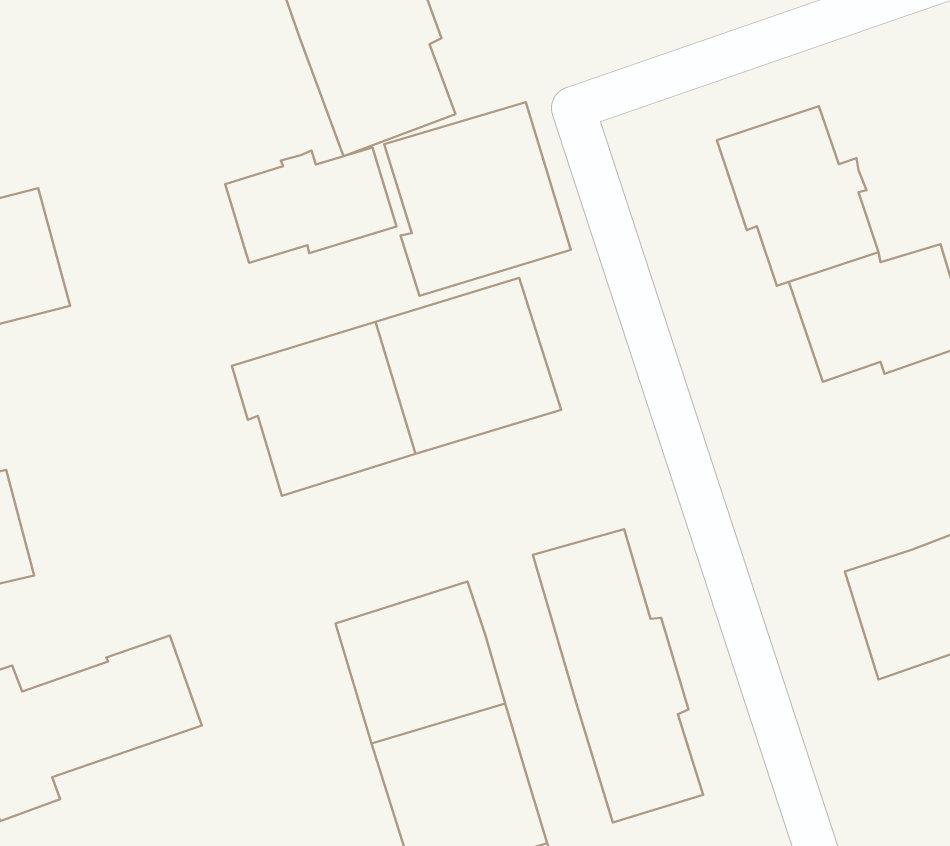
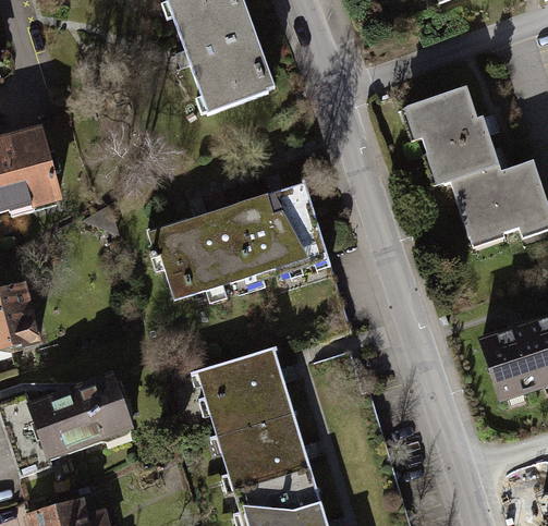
building: [384,102,571,296] -> none
building: [225,148,397,263] -> none
building: [533,529,703,823] -> none

